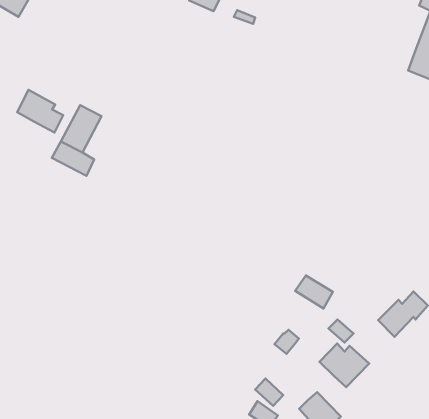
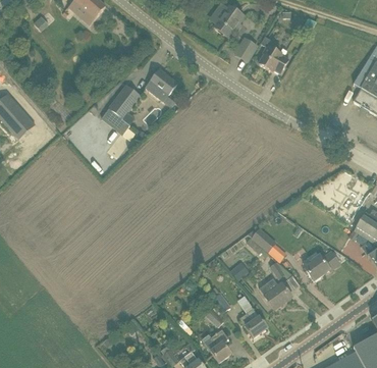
building: none -> [259,45,289,72]
building: none -> [145,67,177,100]
building: [17,90,63,132] -> none

